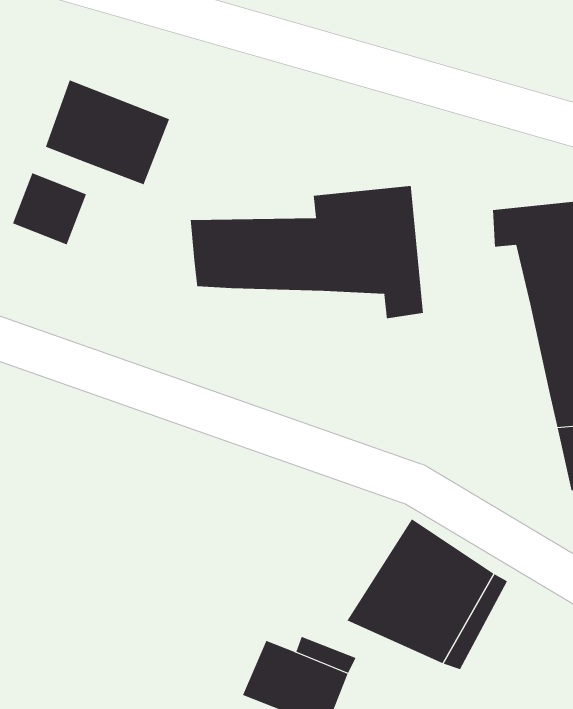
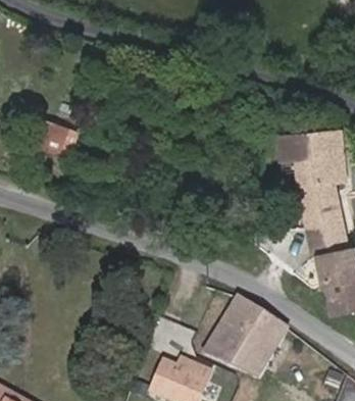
building: [45,80,170,185] -> none
building: [190,185,423,319] -> none

